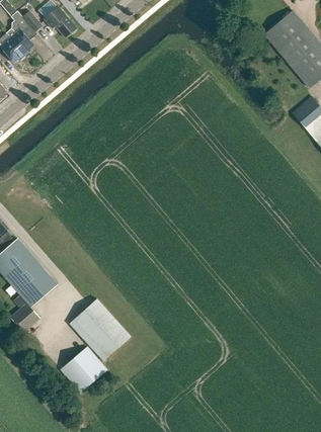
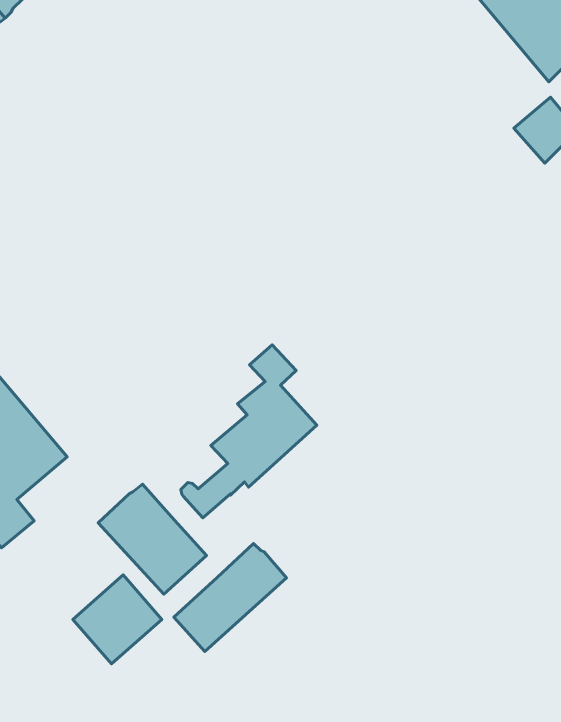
building: none -> [181,345,317,518]
building: none -> [174,544,287,651]

